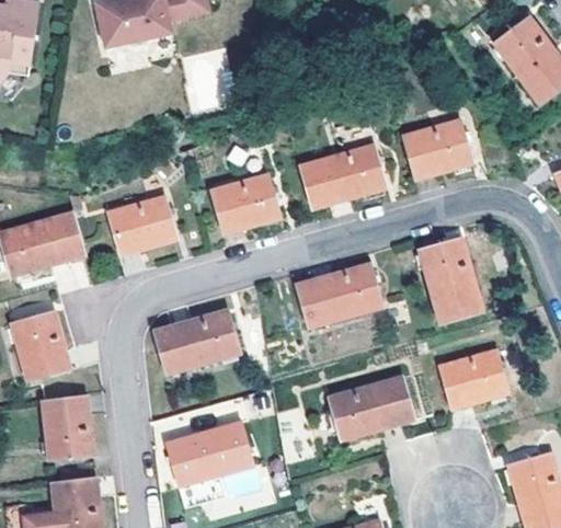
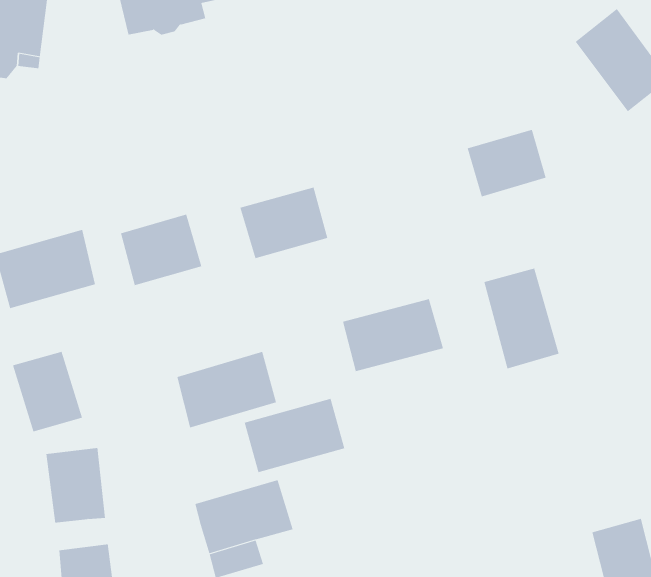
building: [299,145,386,207] -> none
building: [438,351,507,410] -> none
building: [327,377,413,440] -> [244,398,345,473]

